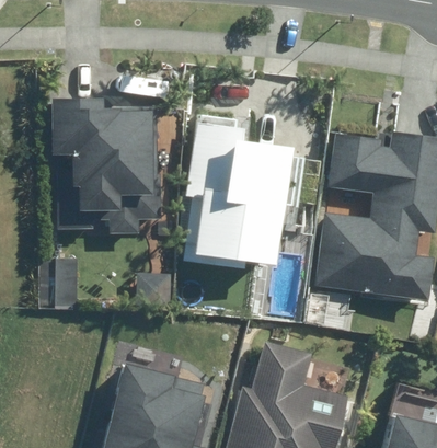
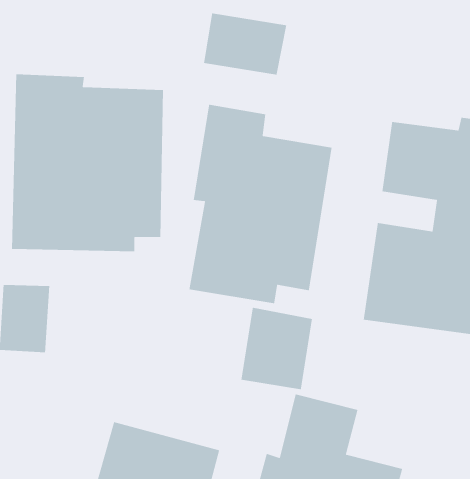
building: none -> [203,13,287,75]
building: none -> [240,307,313,390]

